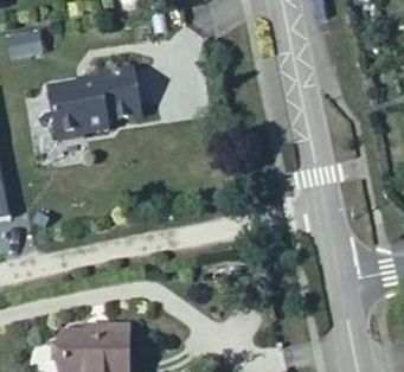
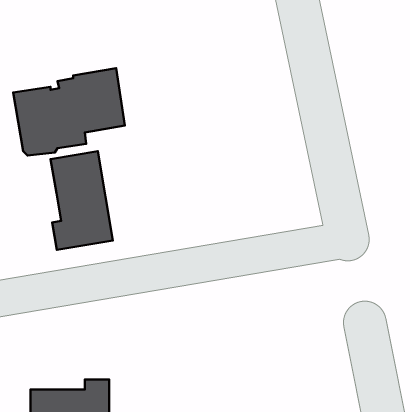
building: none -> [51,151,113,250]

